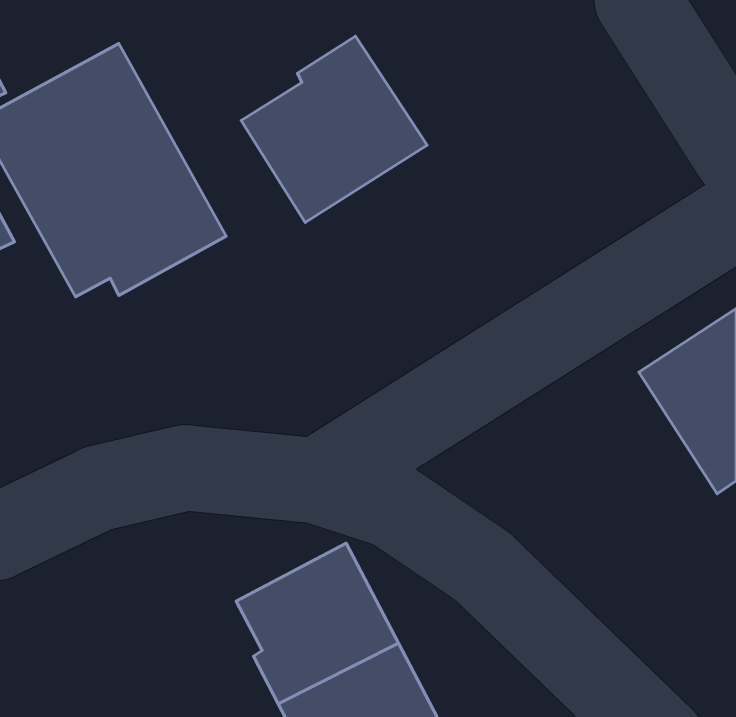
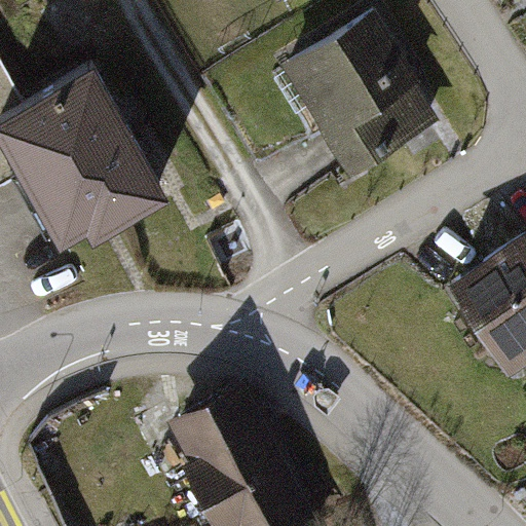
building: none -> [284,24,441,192]
building: [241,36,427,222] -> none

